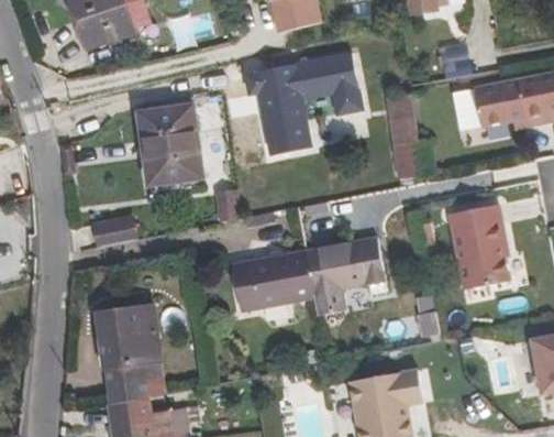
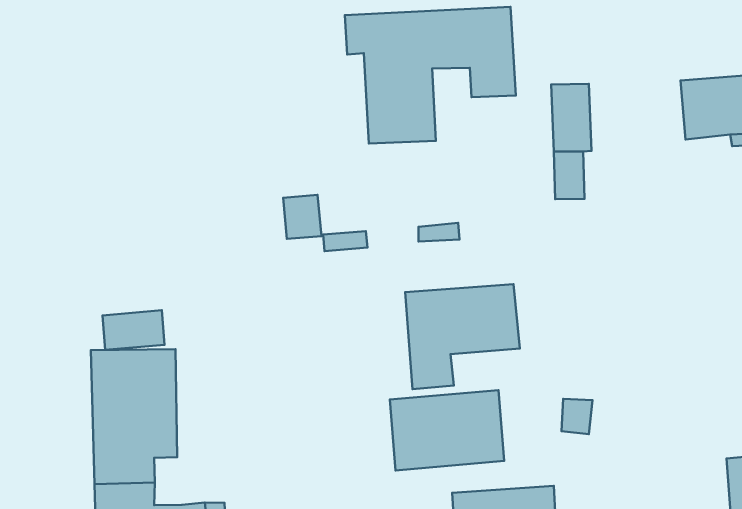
building: [137,105,202,185] -> none
building: [448,206,509,291] -> none
building: [92,217,136,248] -> [102,310,165,350]
building: [231,251,312,313] -> [390,390,504,470]

